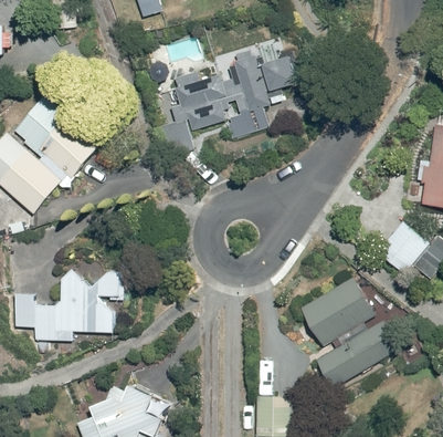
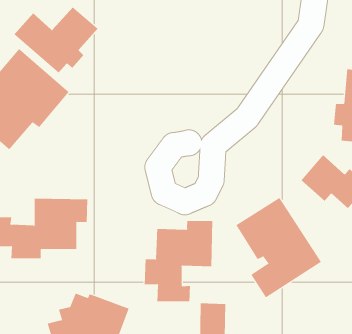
building: none -> [14,6,98,73]
building: [171,51,295,136] -> none
building: none -> [144,220,213,302]

